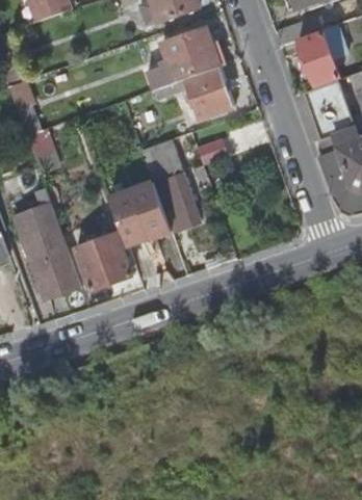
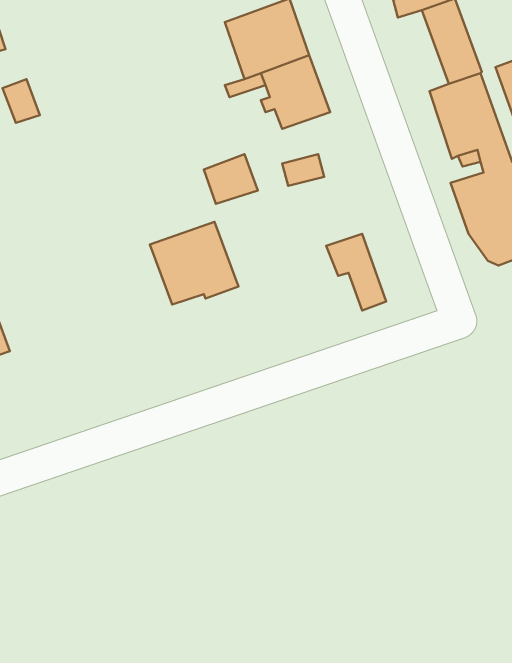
building: [156,174,198,227] -> [326,234,386,310]
building: [9,191,75,287] -> none
building: [71,225,128,279] -> none

